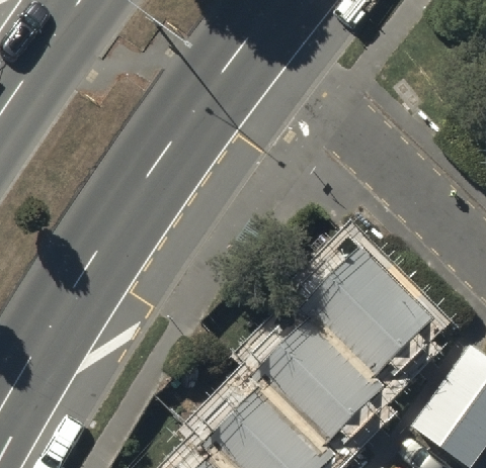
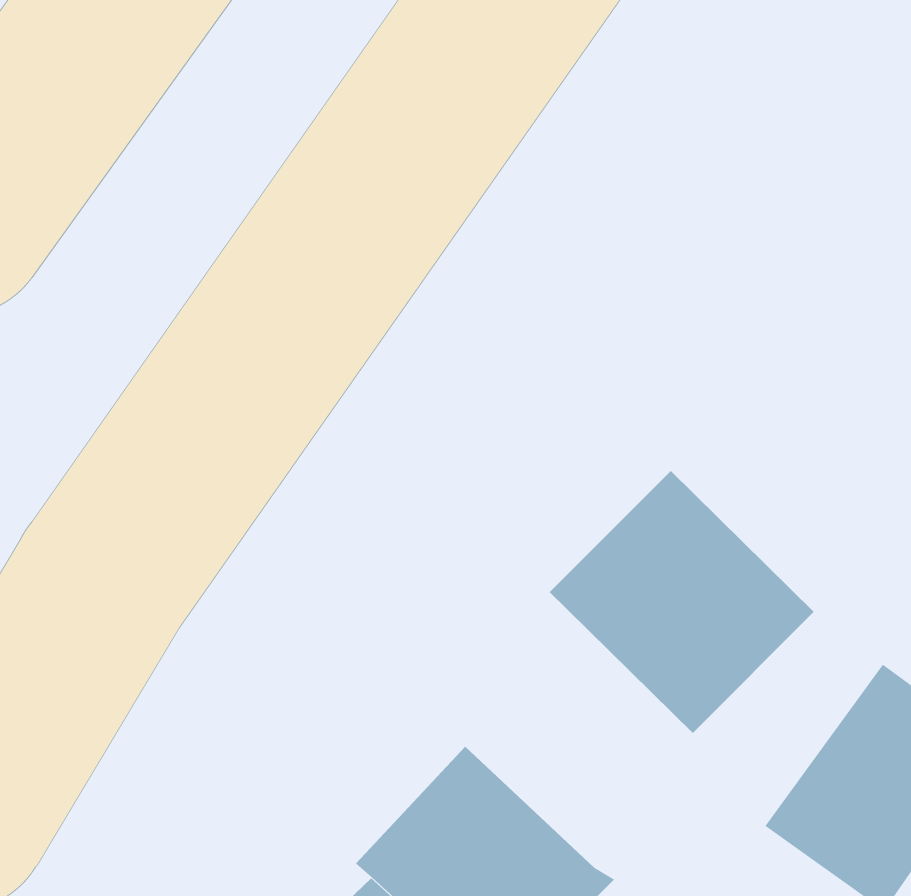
building: [252,316,383,447] -> none

